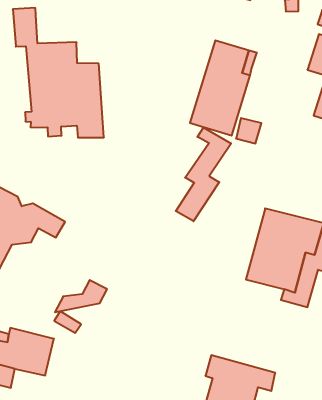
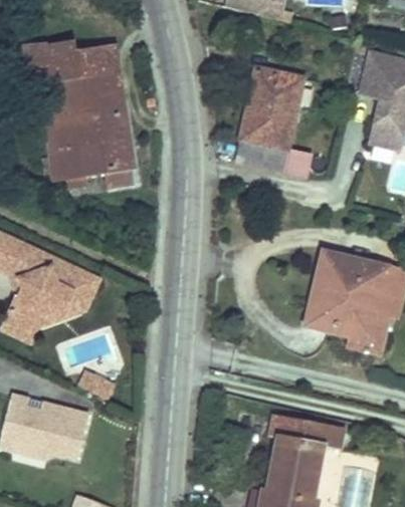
building: none -> [53,43,127,100]
building: [176,127,231,221] -> none
building: [55,280,107,312] -> [35,286,91,324]

